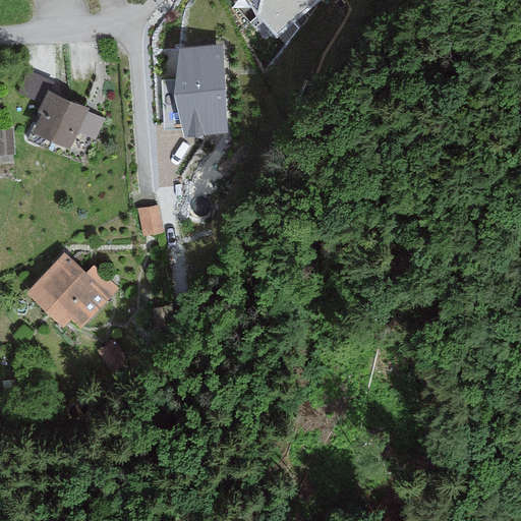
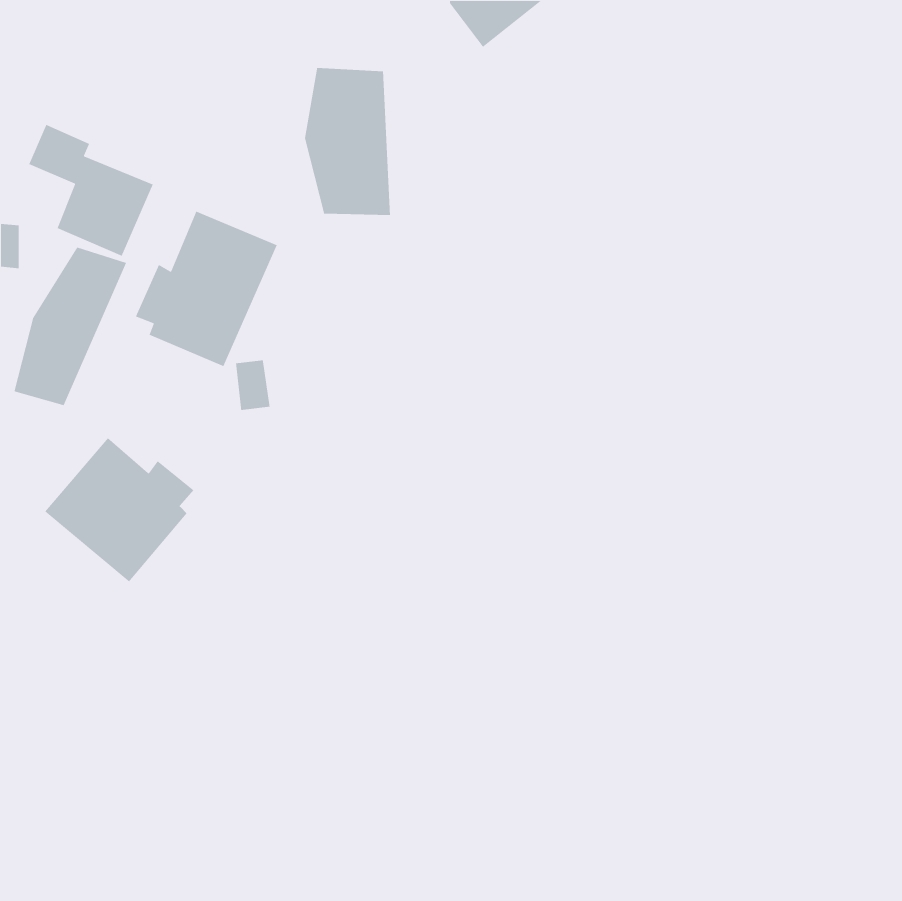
building: none -> [135,211,278,367]
building: none -> [13,246,127,406]

